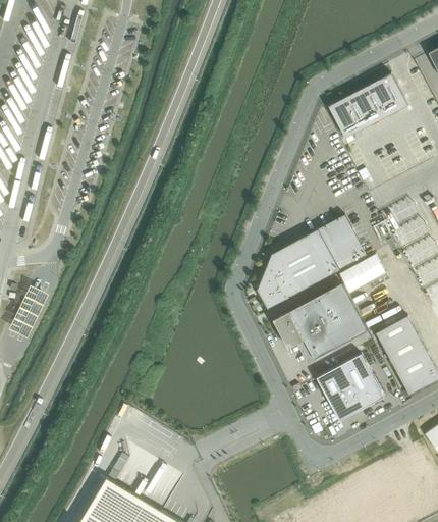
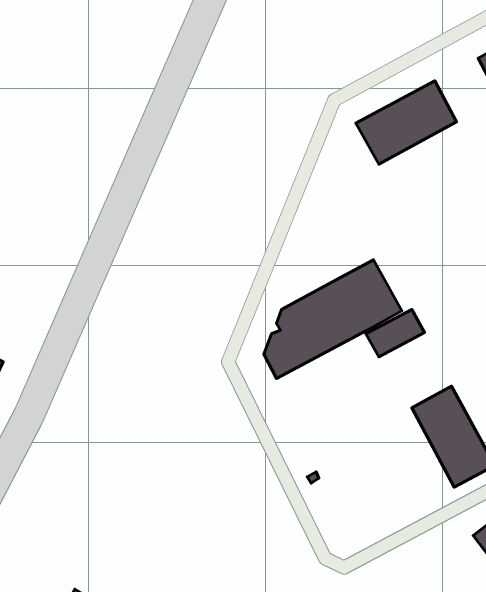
building: [272,283,367,360] -> none
building: [316,355,384,422] -> none

